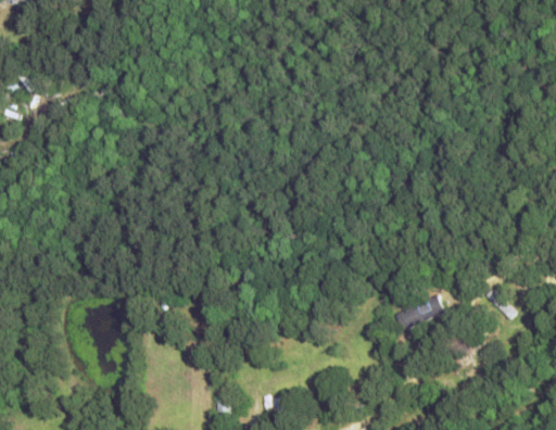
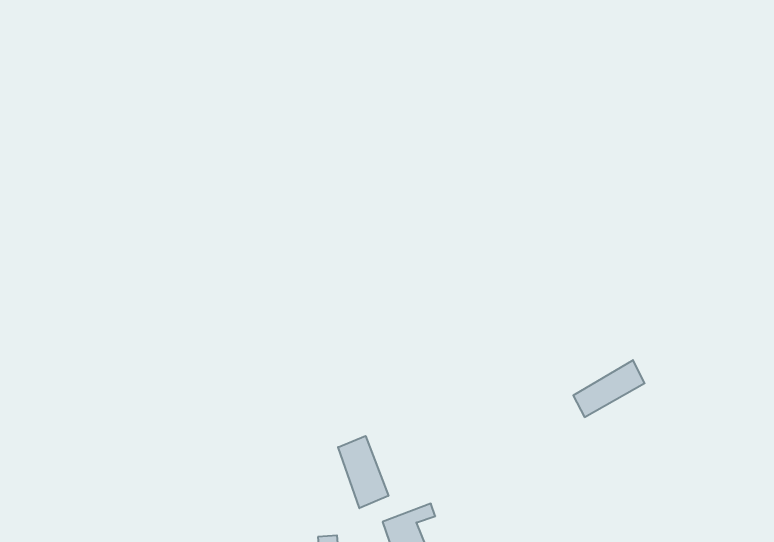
building: none -> [338,436,388,508]

